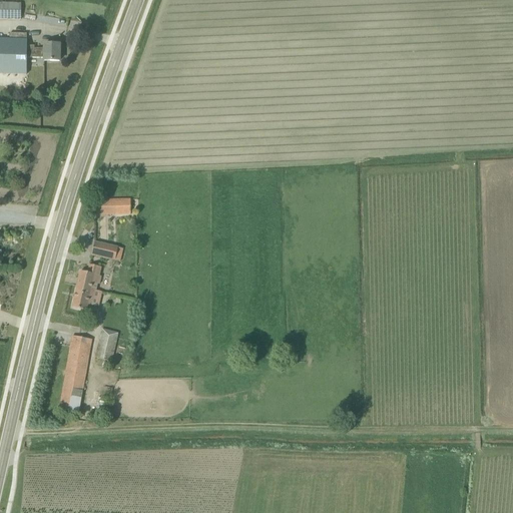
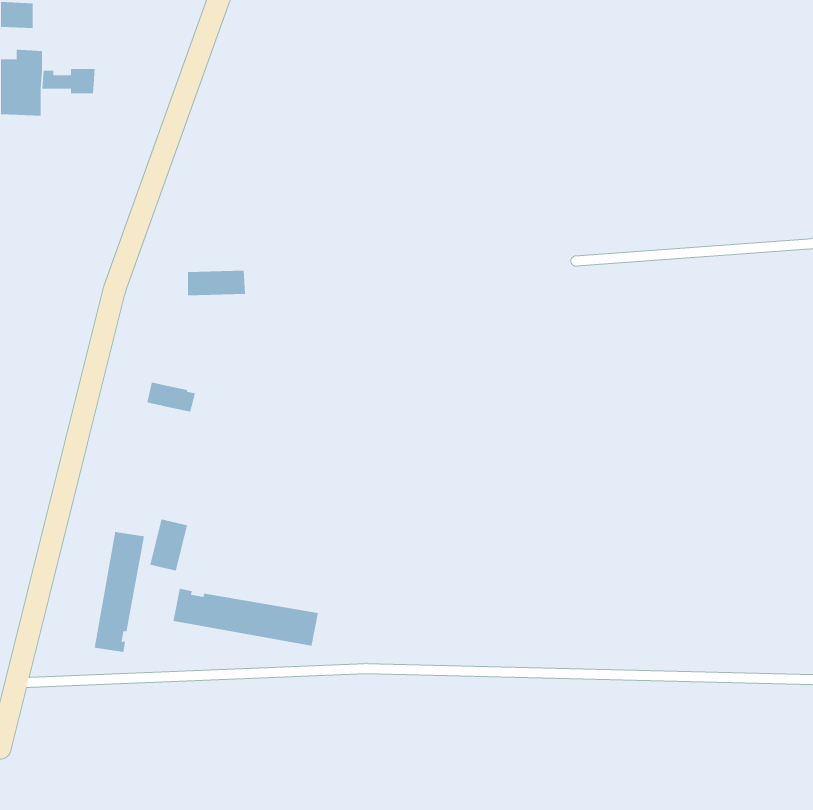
building: [94,197,131,213] -> [187,270,246,296]
building: [72,264,102,309] -> none
building: none -> [173,588,319,646]

